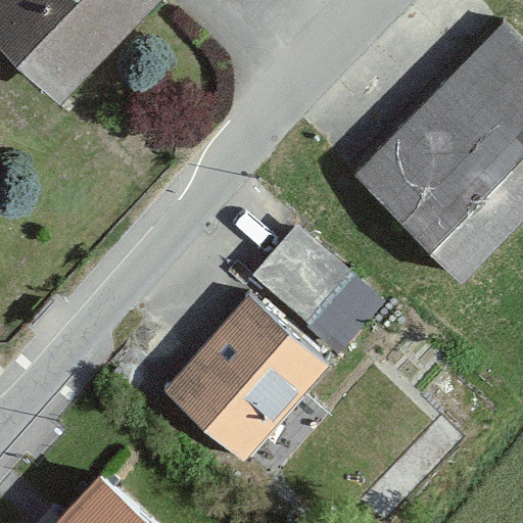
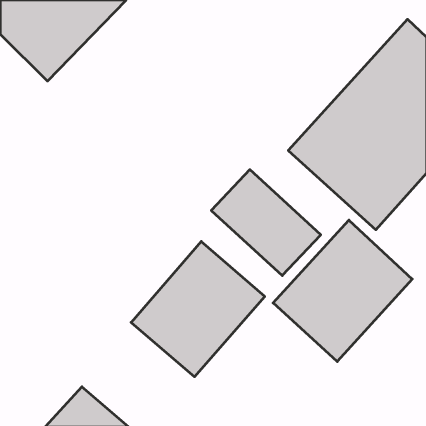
building: none -> [273,220,412,362]

